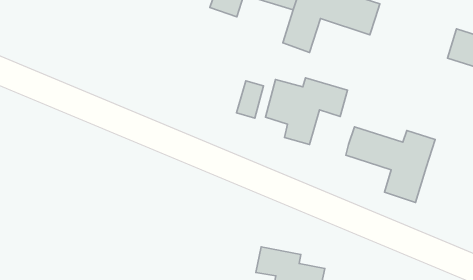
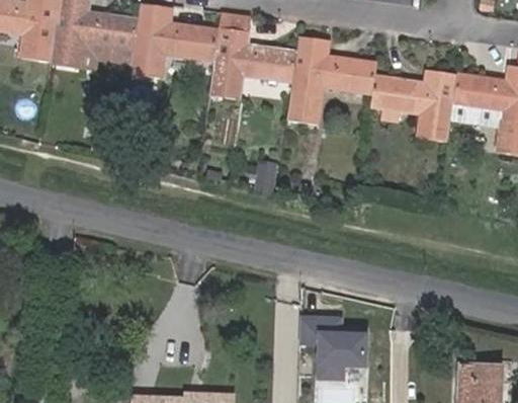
building: [266,78,347,144] -> none
building: [346,127,435,203] -> [371,70,457,140]

